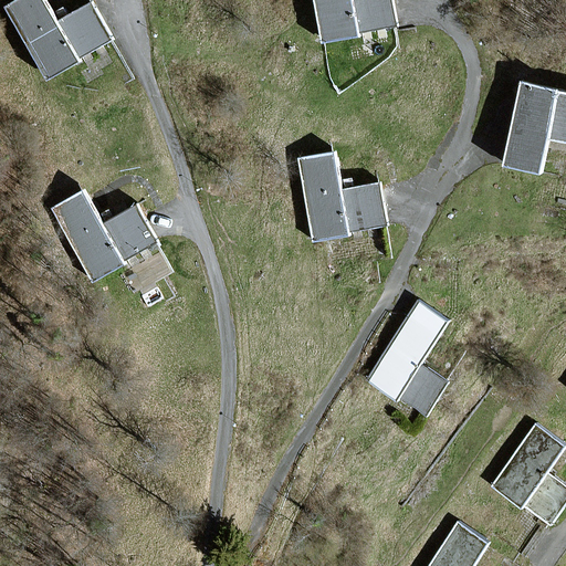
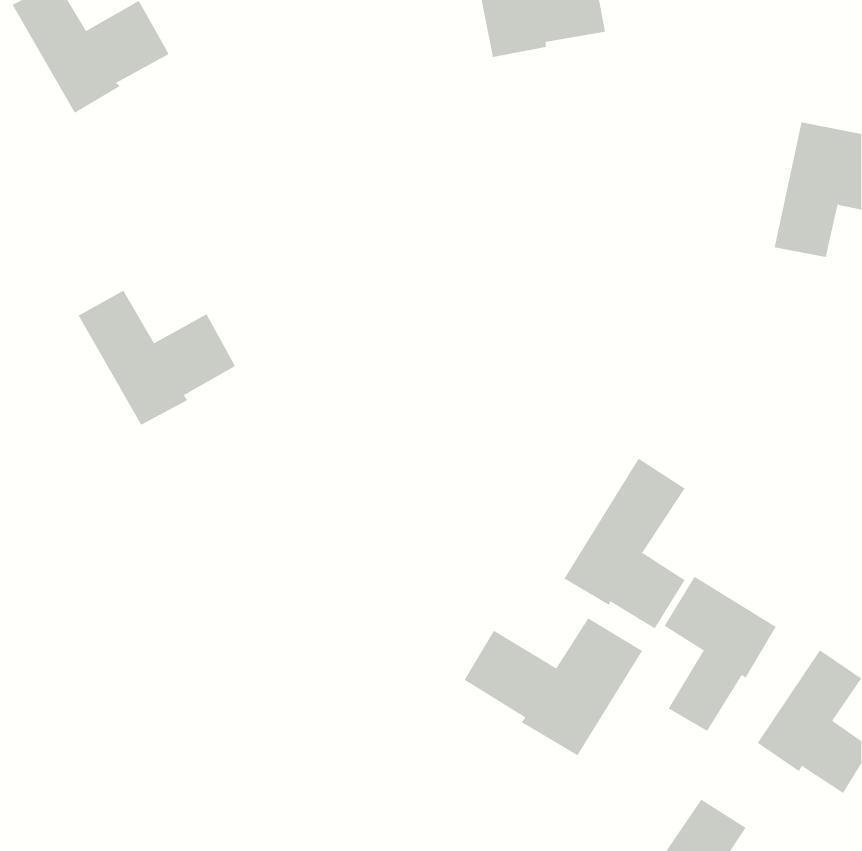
building: [298,153,386,239] -> none
building: none -> [664,576,777,732]
building: none -> [464,617,643,756]

